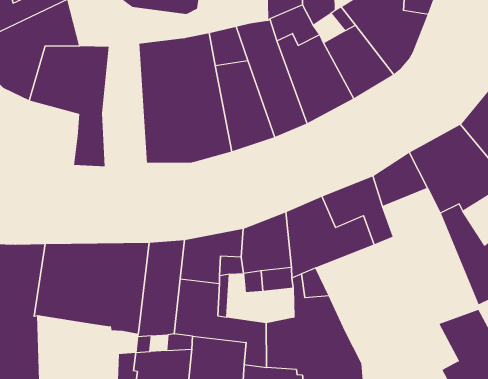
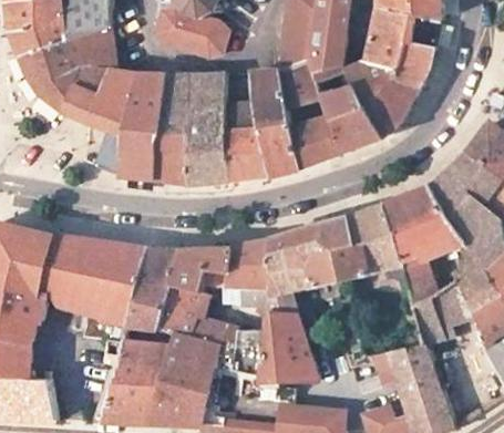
building: none -> [120,73,164,178]
building: none -> [353,236,403,274]

